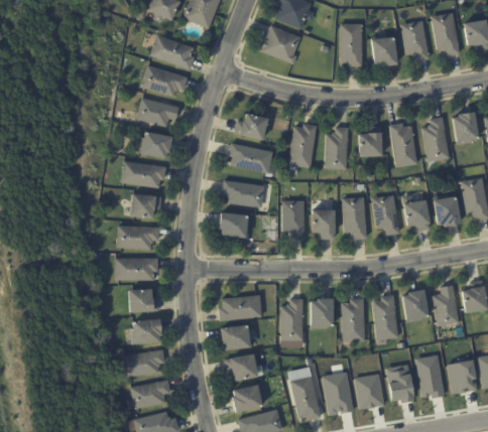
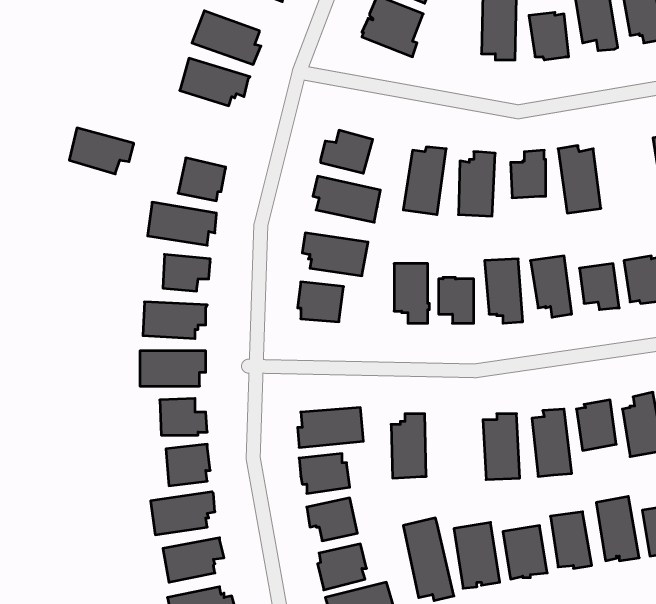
building: [136,97,178,127] -> [69,128,134,174]
building: [422,116,450,161] -> none
building: [311,298,333,327] -> none

